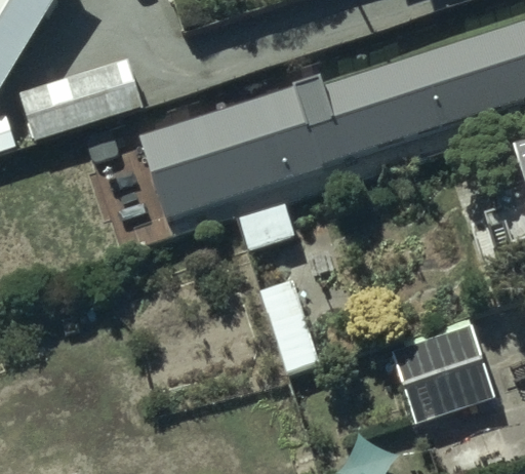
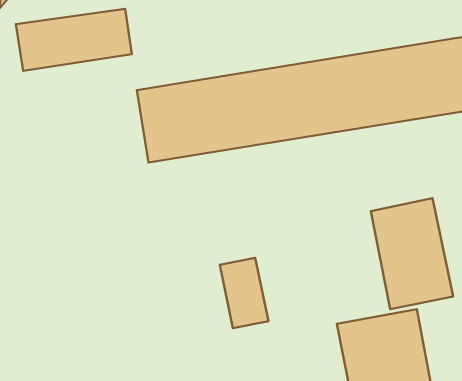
building: none -> [371,198,453,309]

